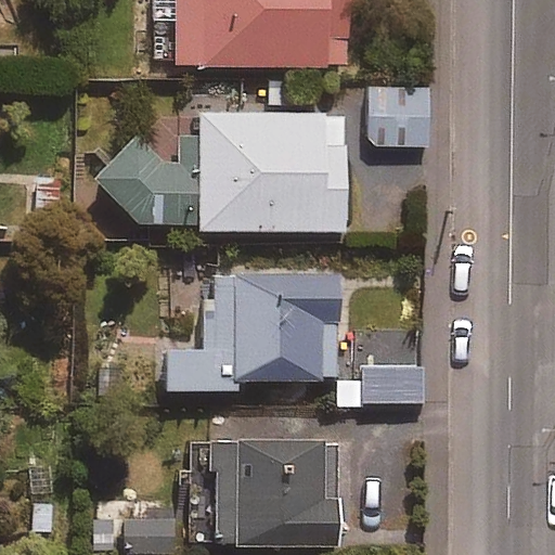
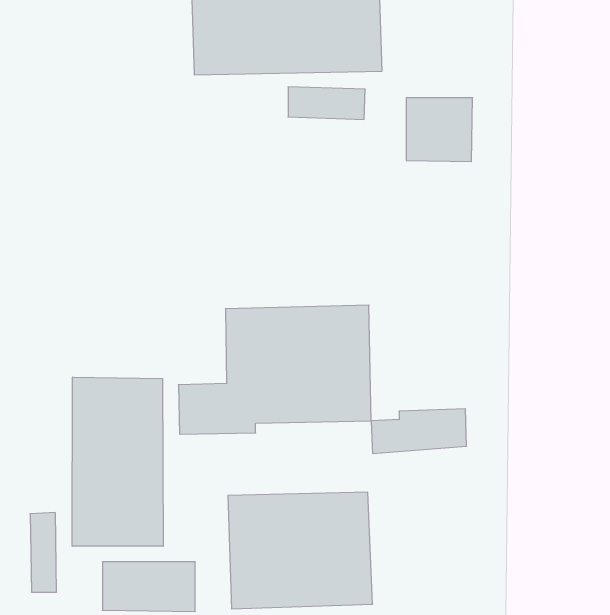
building: [91,114,346,232] -> none
building: none -> [72,377,163,546]

